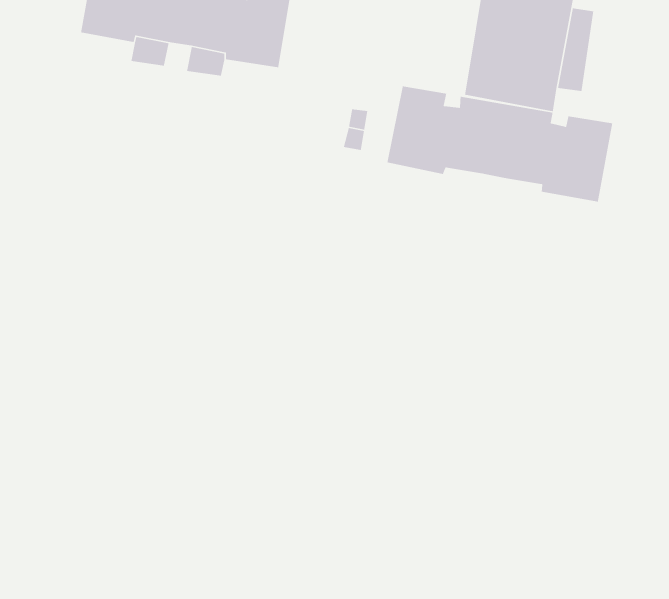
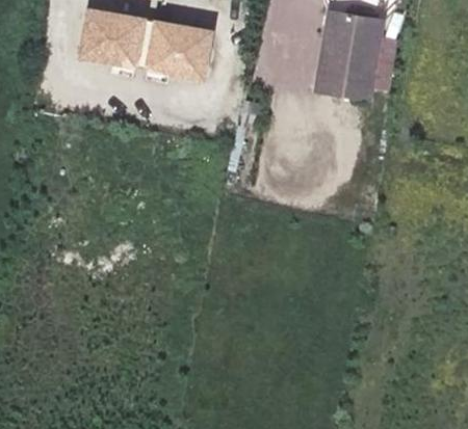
building: [386,86,613,203] -> none

